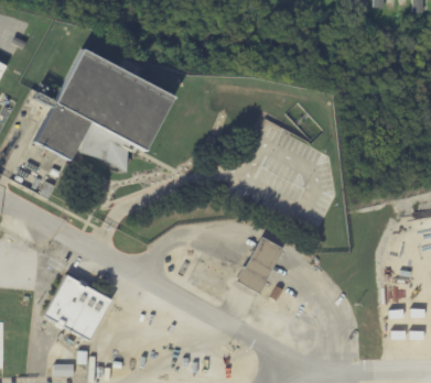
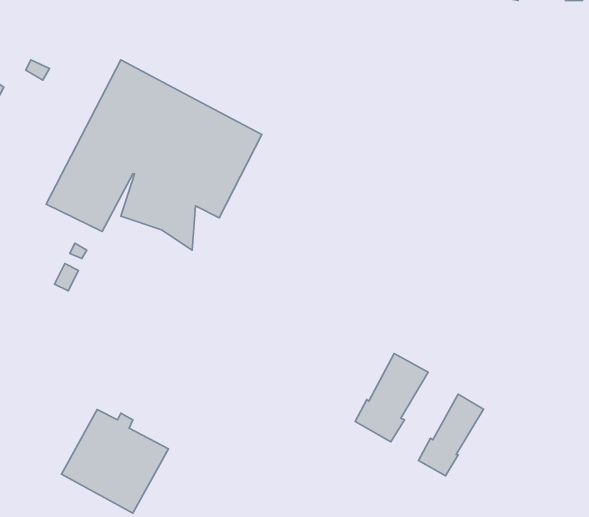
building: none -> [419,394,483,476]

